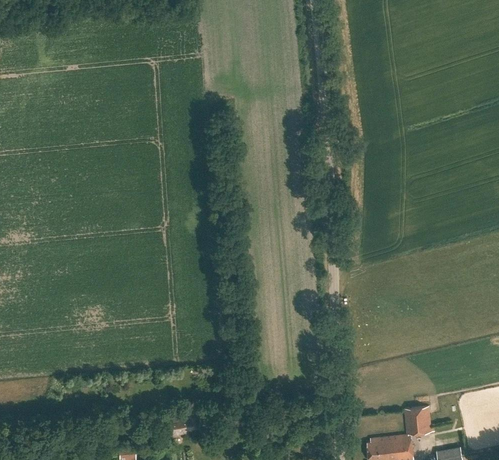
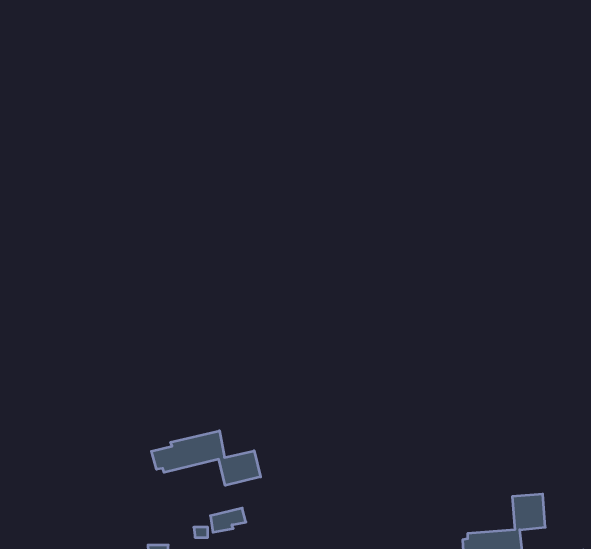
building: none -> [151,431,261,485]

